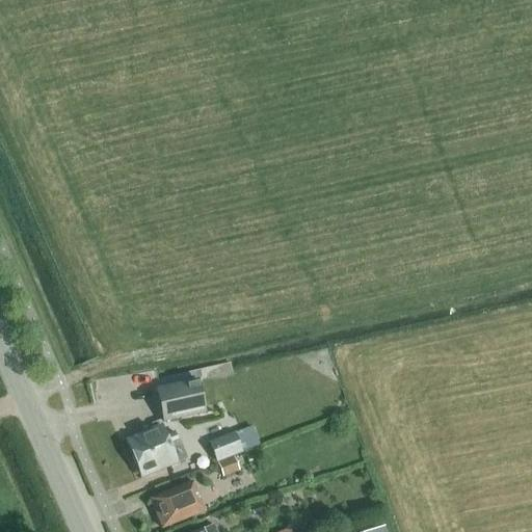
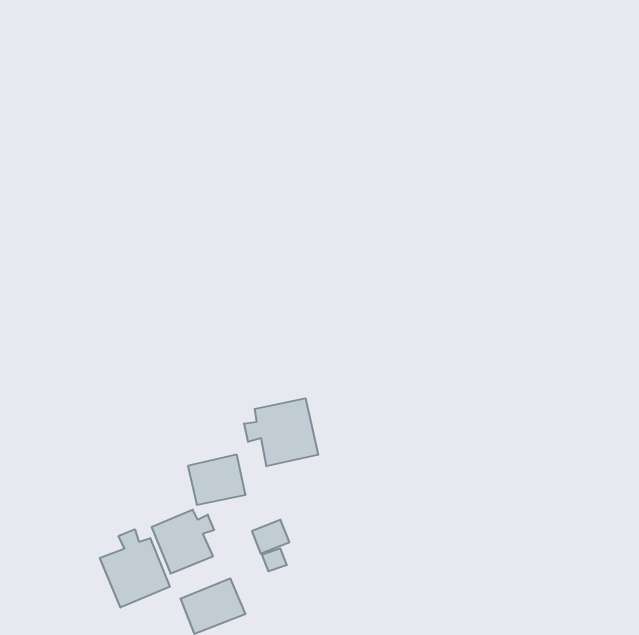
building: none -> [244,398,318,466]
building: none -> [100,529,170,608]

